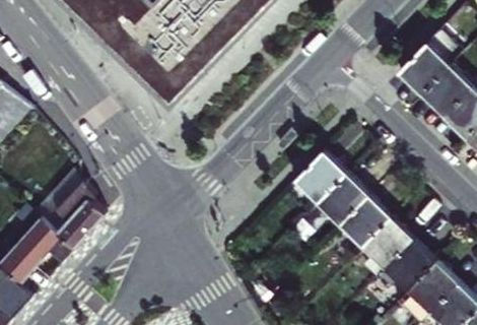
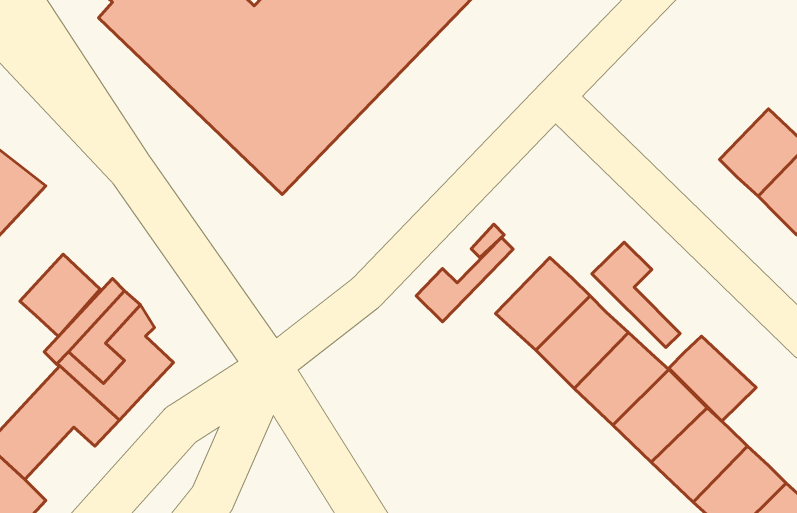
building: [402,45,452,94] -> none
building: none -> [416,237,513,322]
building: none -> [592,242,680,348]
building: none -> [20,254,100,336]
building: none -> [669,336,756,421]

